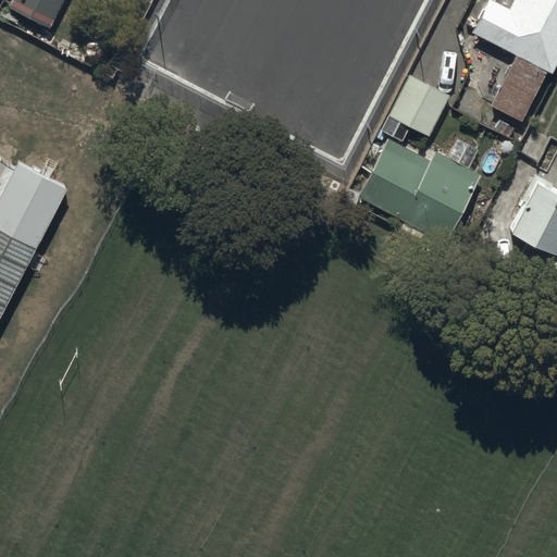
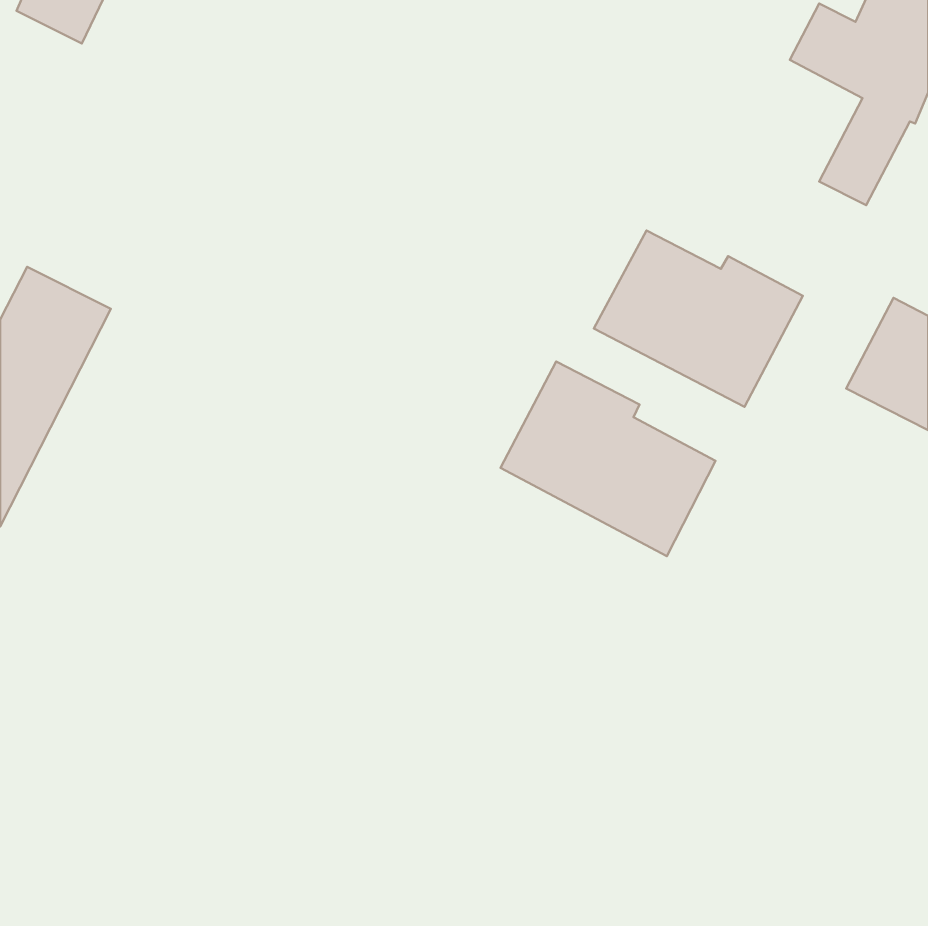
building: [389,76,449,137] -> none
building: none -> [500,362,715,556]

